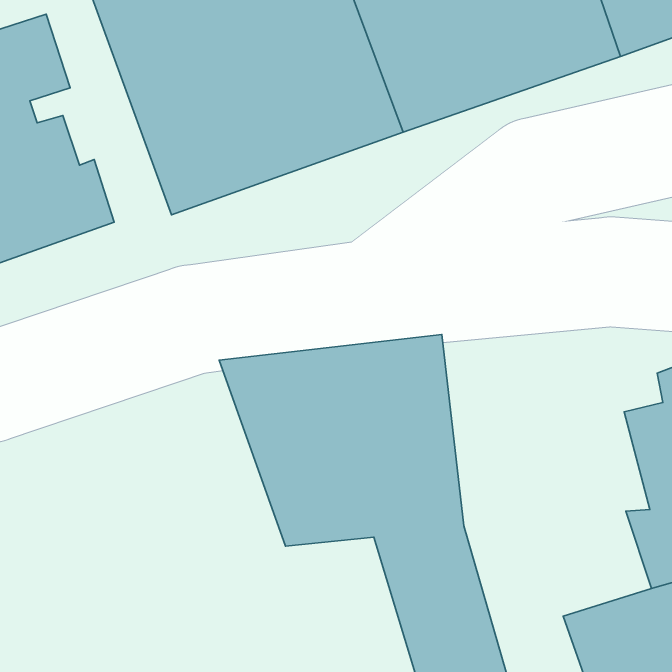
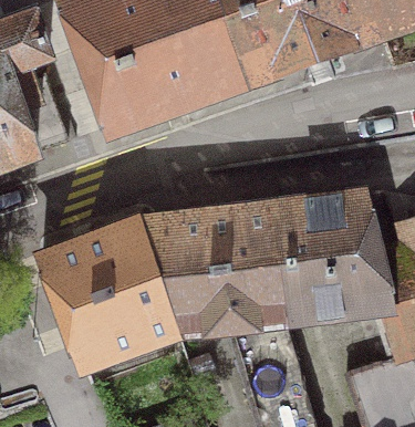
building: none -> [272,190,397,319]
building: none -> [42,219,178,365]

